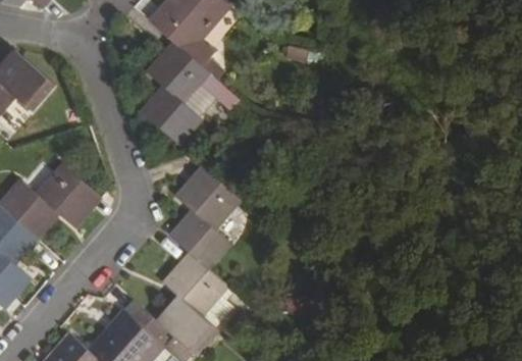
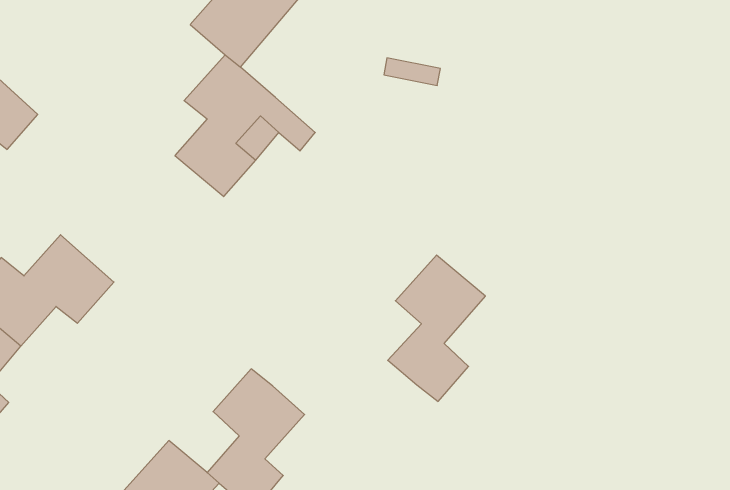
building: [172,168,238,266] -> [388,255,485,401]

